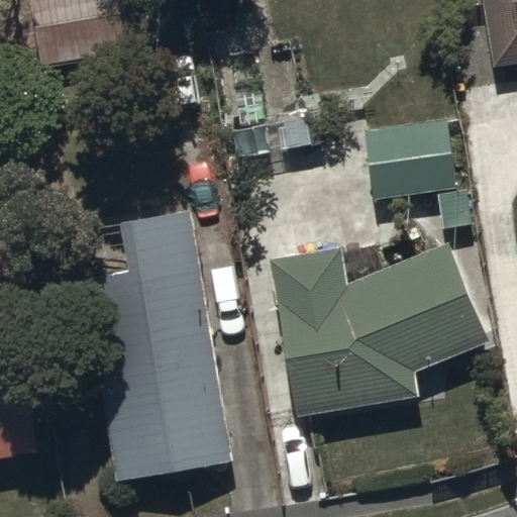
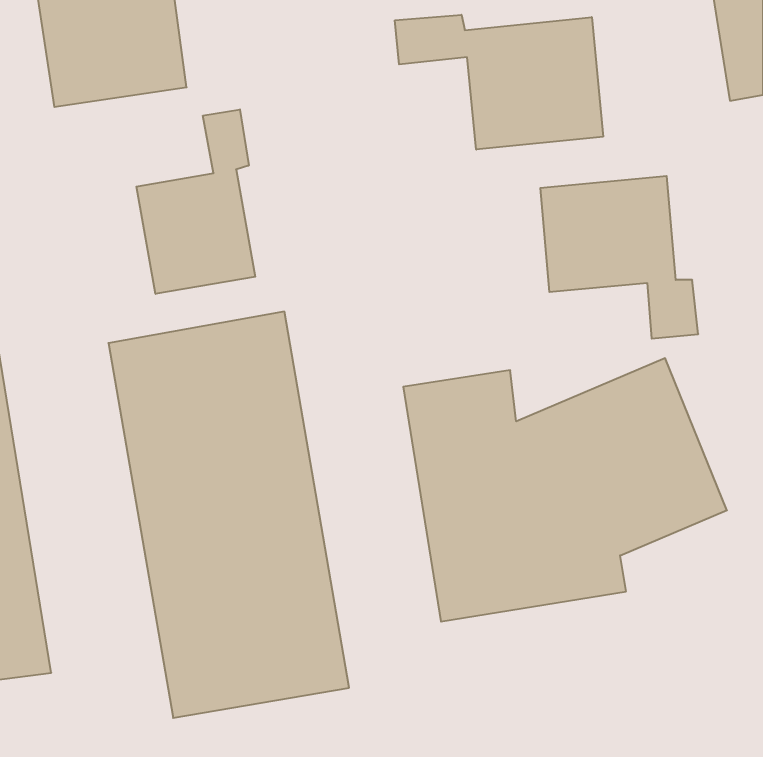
building: none -> [395,15,603,150]
building: none -> [136,109,255,294]

